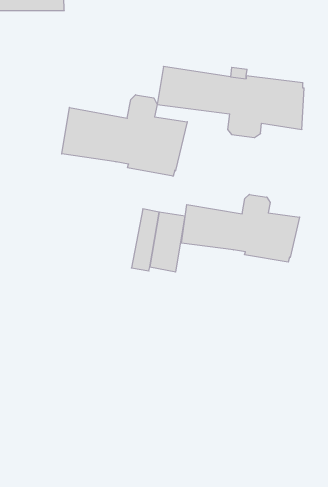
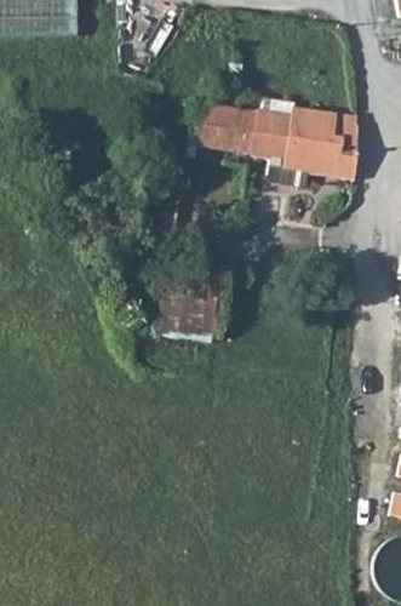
building: [62,95,187,176] -> none
building: [181,194,300,262] -> none

